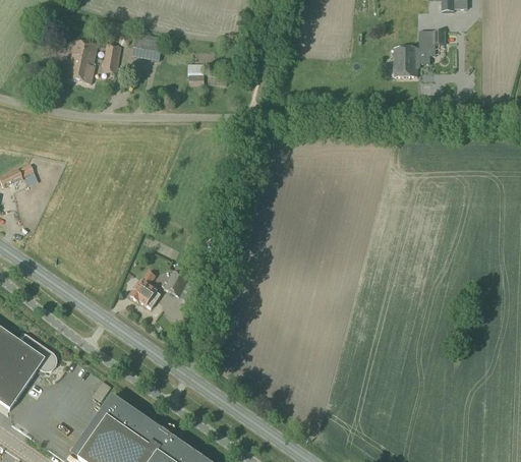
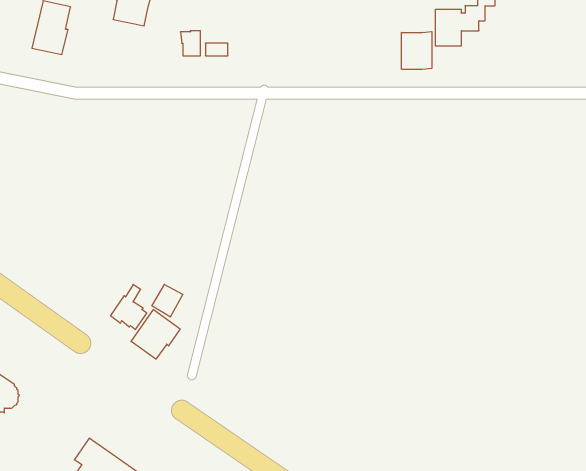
building: [102,44,120,73] -> none
building: none -> [402,32,432,69]
building: none -> [131,309,180,359]

